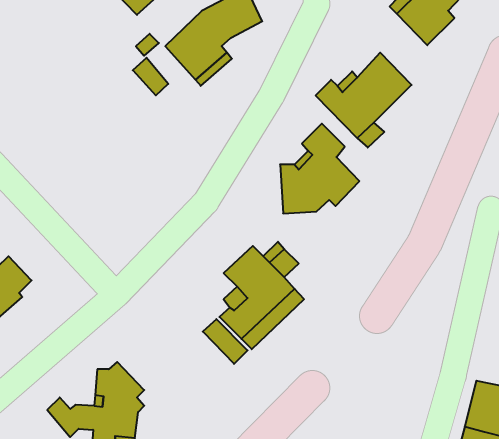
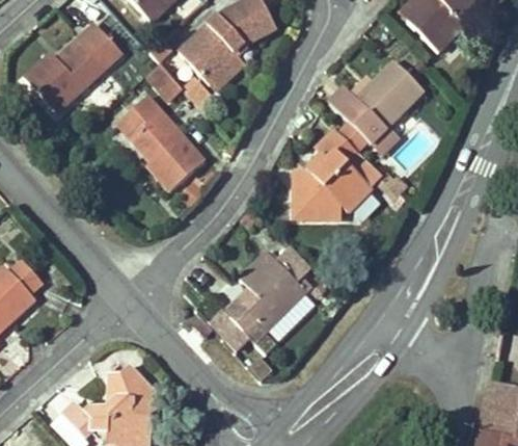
building: none -> [23,22,122,110]
building: none -> [118,95,202,189]

